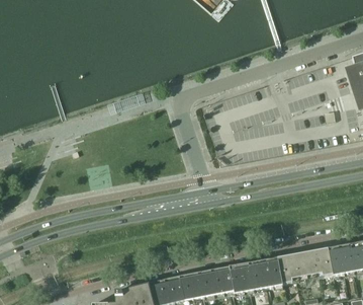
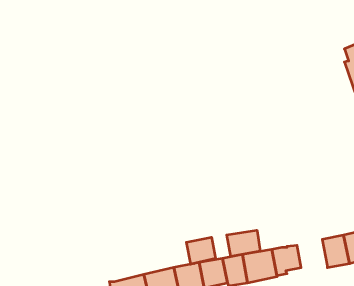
building: none -> [227,230,260,257]
building: none -> [186,237,215,264]
building: [302,247,333,276] -> none

